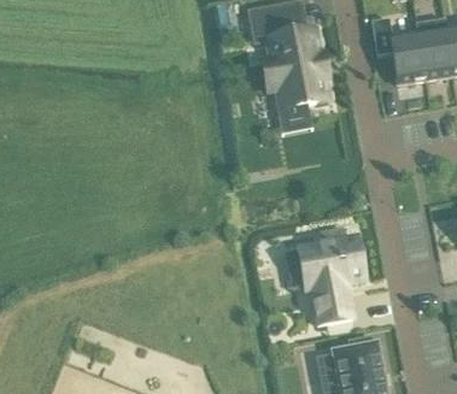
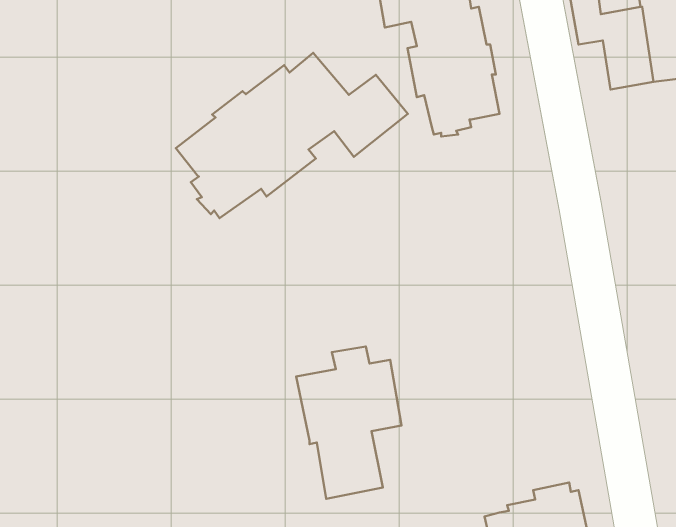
building: none -> [176,53,408,218]
building: [297,229,364,327] -> [296,347,401,499]

